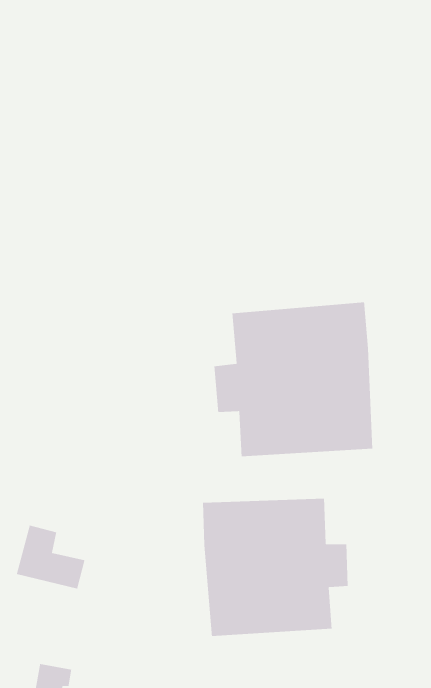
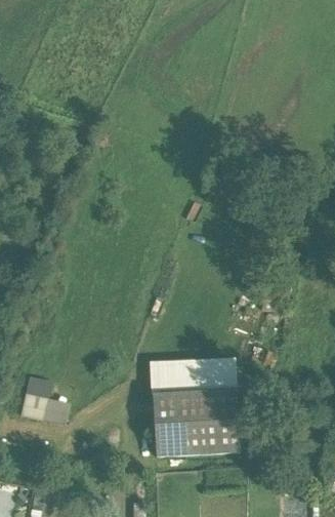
building: [214,301,373,457] -> none

